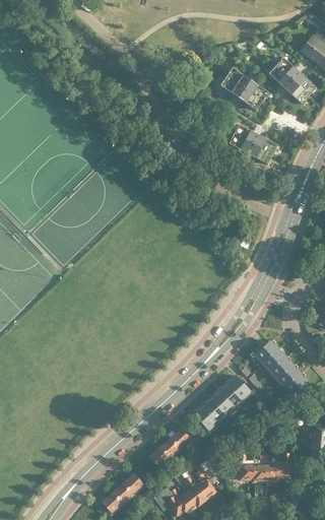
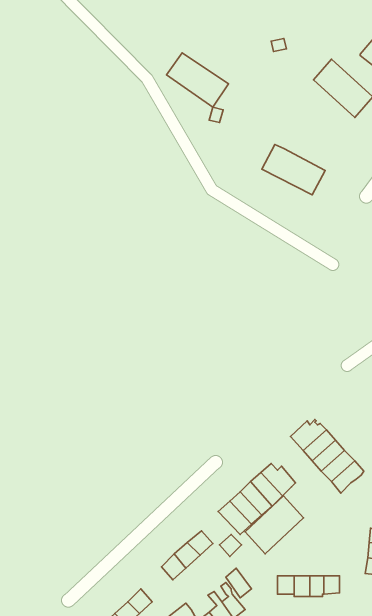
building: [220,68,269,111] -> [167,53,228,107]
building: none -> [245,496,304,554]

